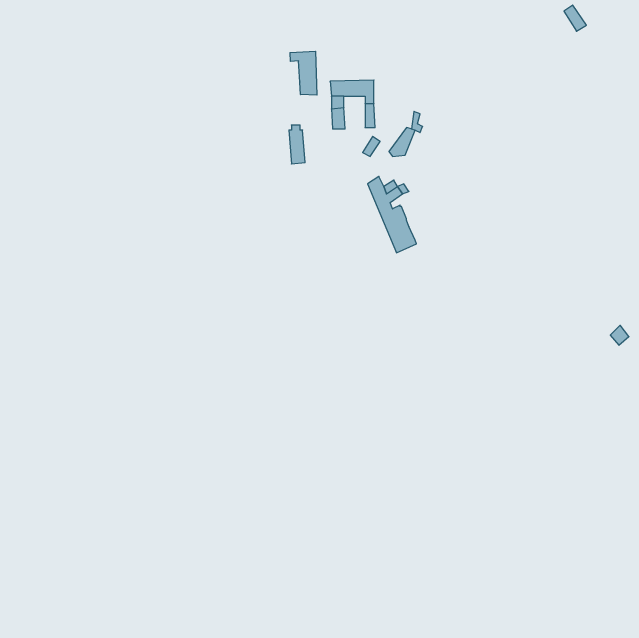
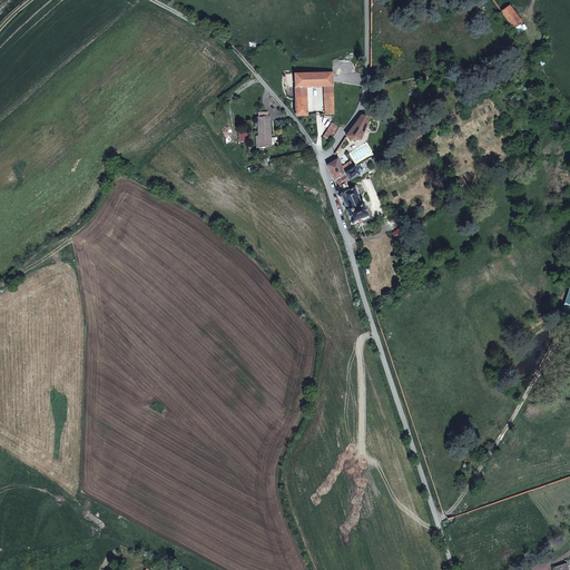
building: [290,51,317,95] -> none

